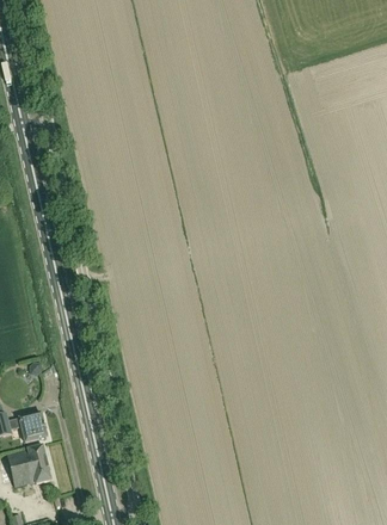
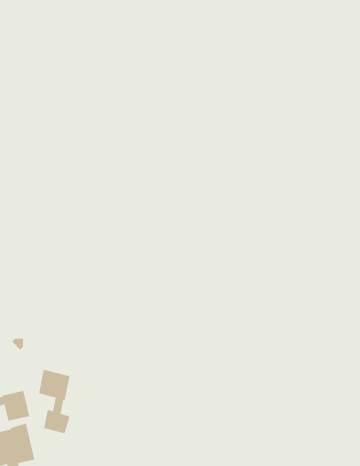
building: none -> [38,369,70,434]

